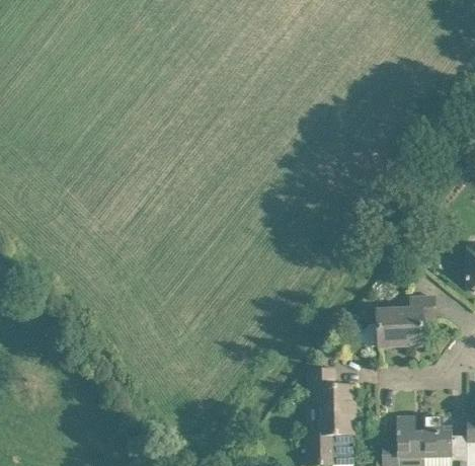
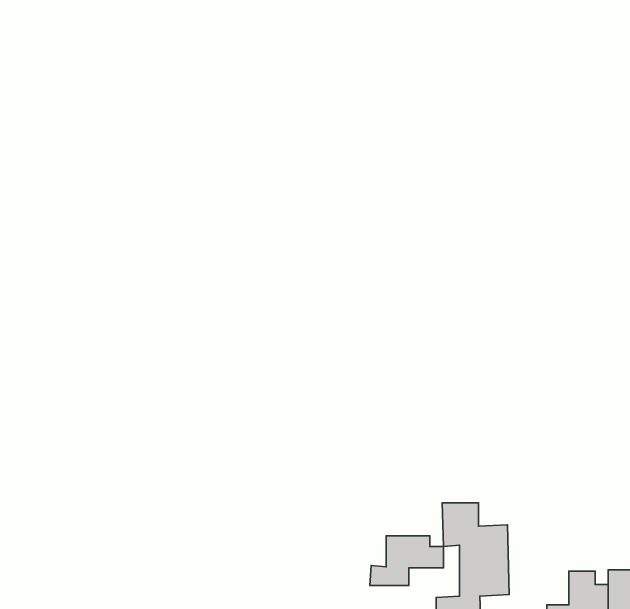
building: [357,297,436,346] -> none
building: none -> [370,536,443,586]

